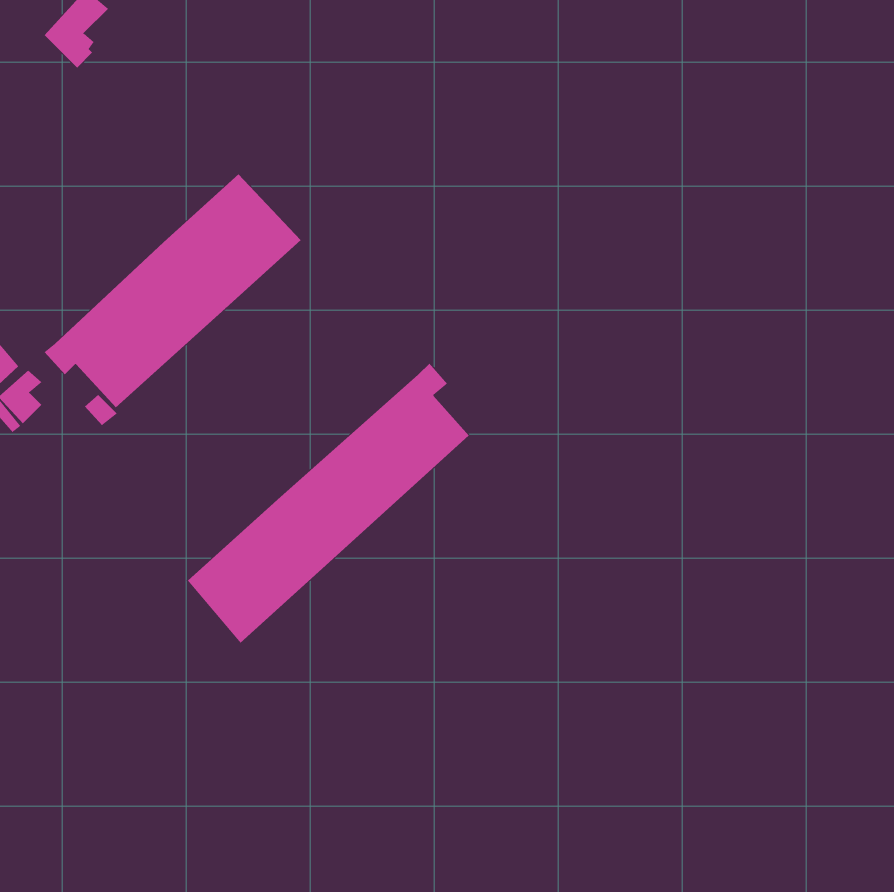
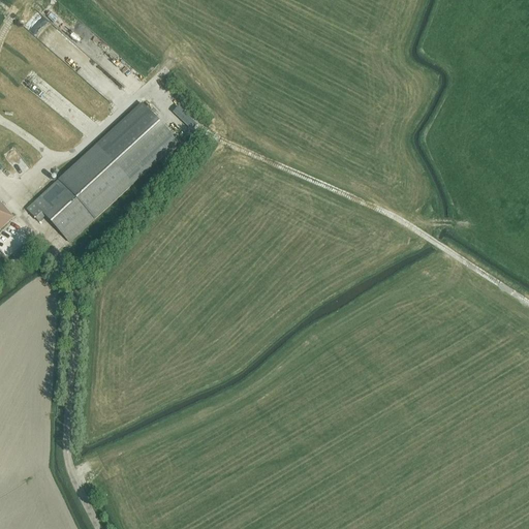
building: [187,363,470,643] -> none

